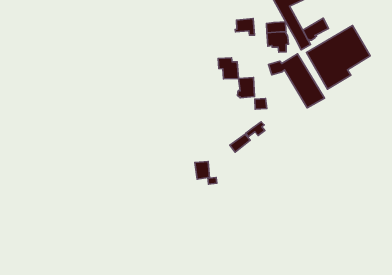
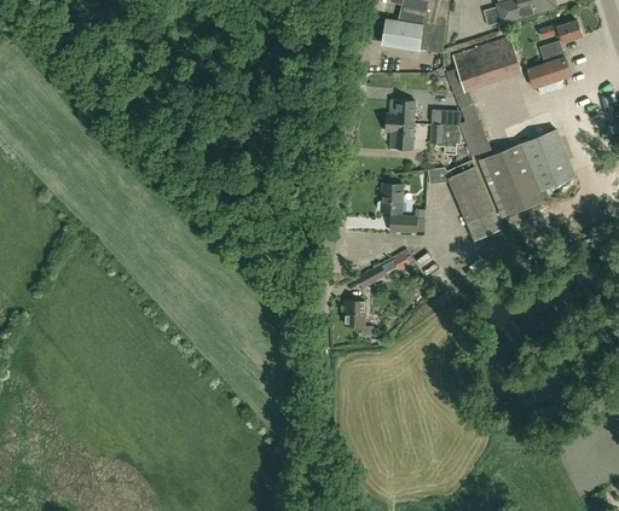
building: [303,18,329,40] -> none
building: [218,58,239,79] -> [384,116,412,149]
building: [195,162,217,184] -> [345,301,372,335]

